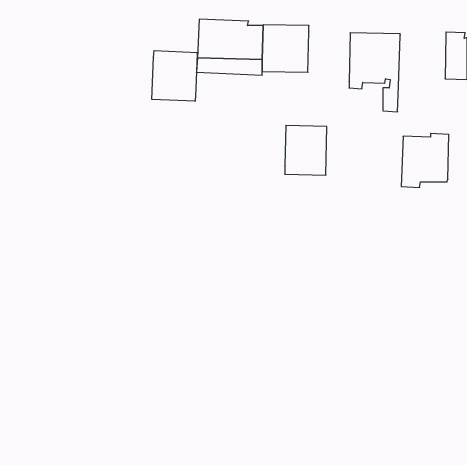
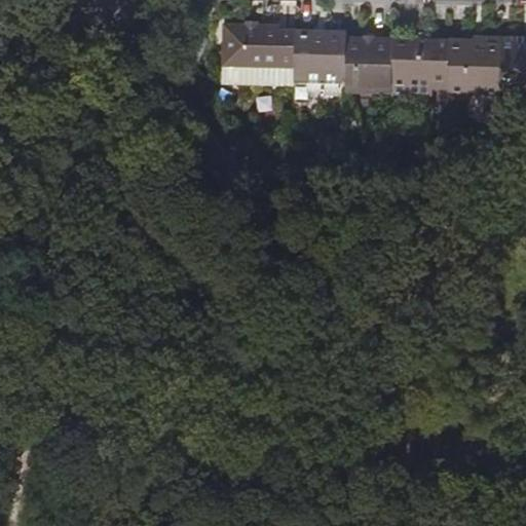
building: [152,51,197,101] -> none
building: [285,126,327,175] -> [346,36,393,91]
building: [401,133,449,187] -> [448,37,501,98]

